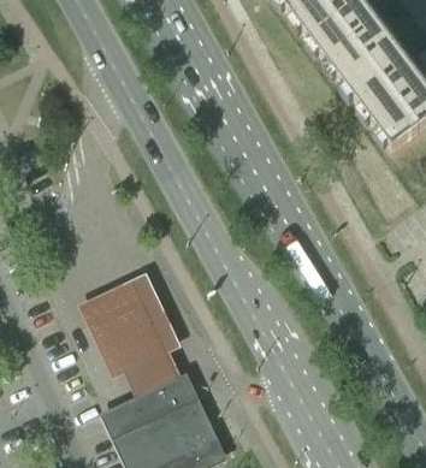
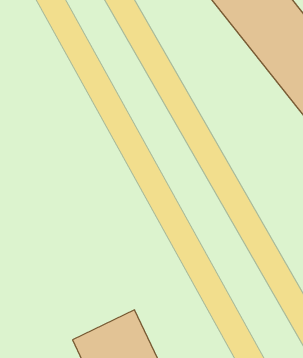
building: [75,267,177,390] -> none

